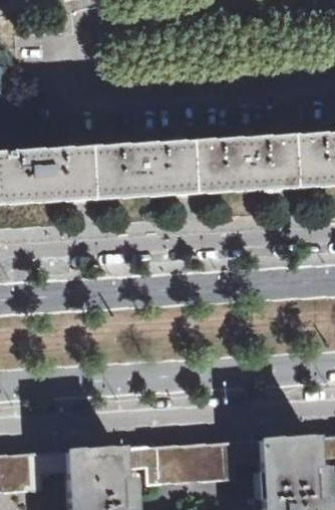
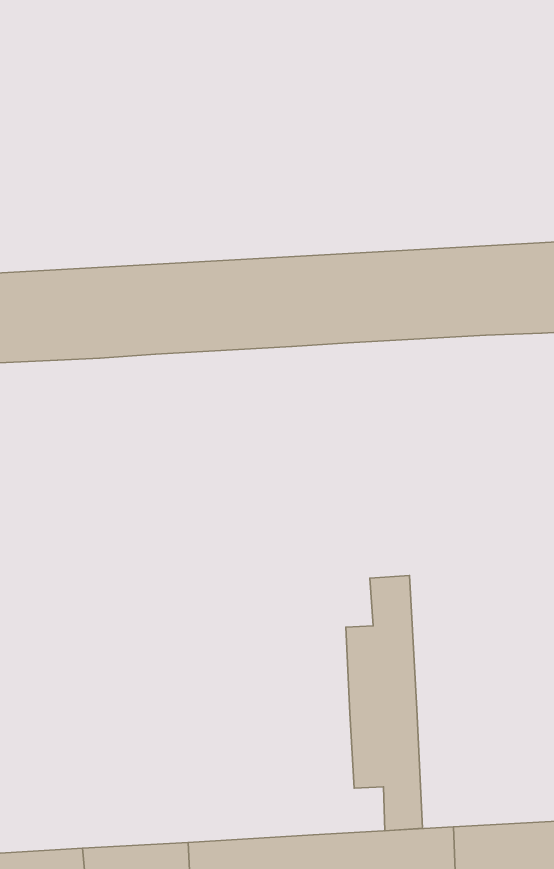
building: none -> [346,576,422,831]

